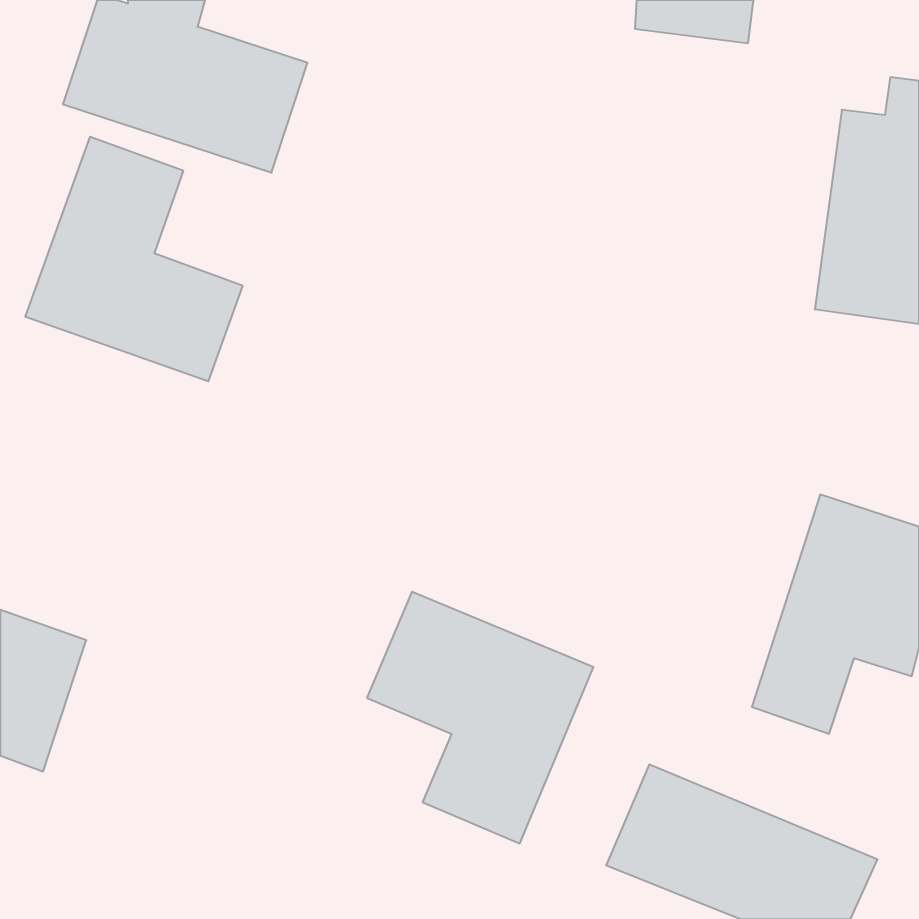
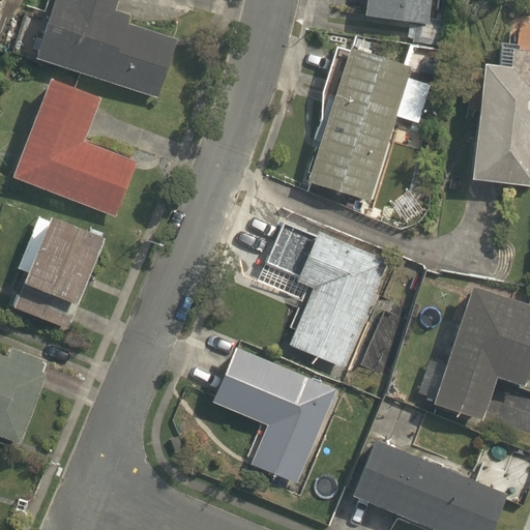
building: none -> [307,48,409,201]
building: none -> [13,212,104,330]
building: none -> [264,217,384,364]

